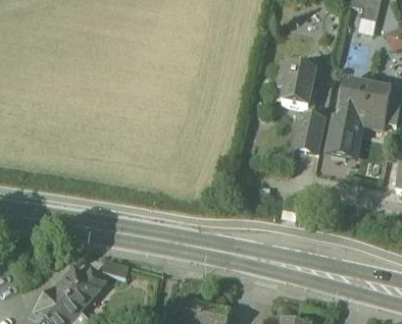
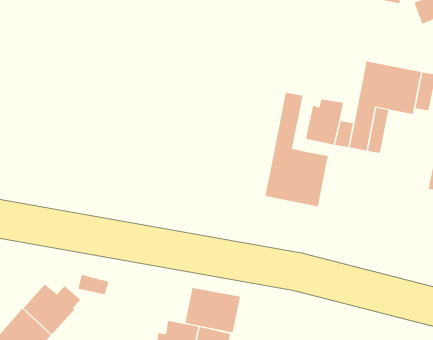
building: [274,63,316,107] -> none
building: none -> [265,92,328,207]
building: none -> [185,287,240,333]

